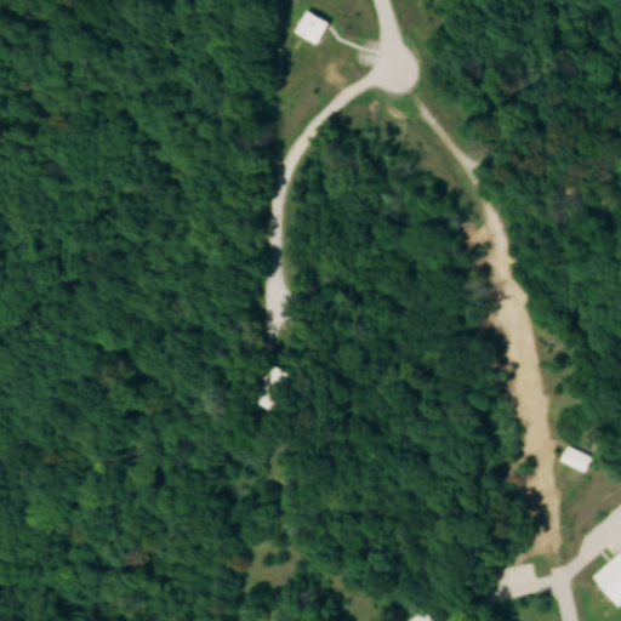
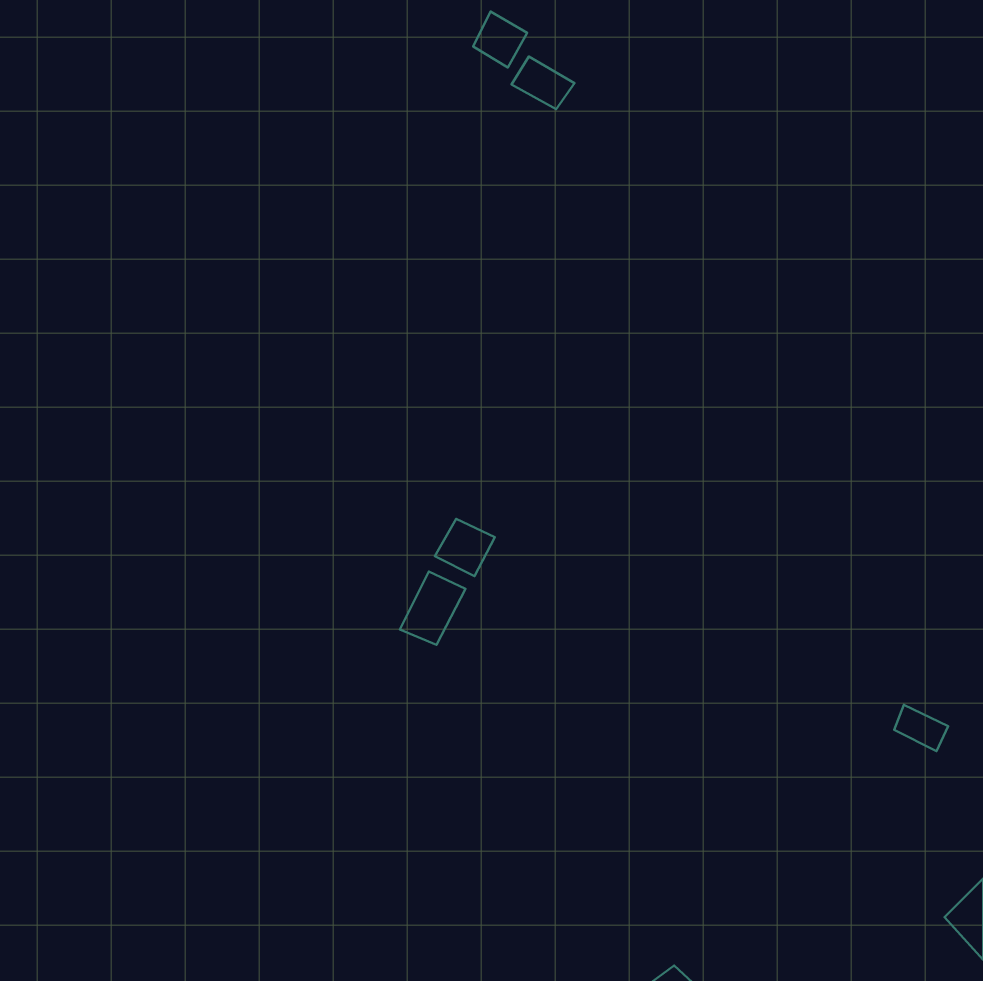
building: none -> [512,57,575,109]
building: none -> [435,519,495,576]

